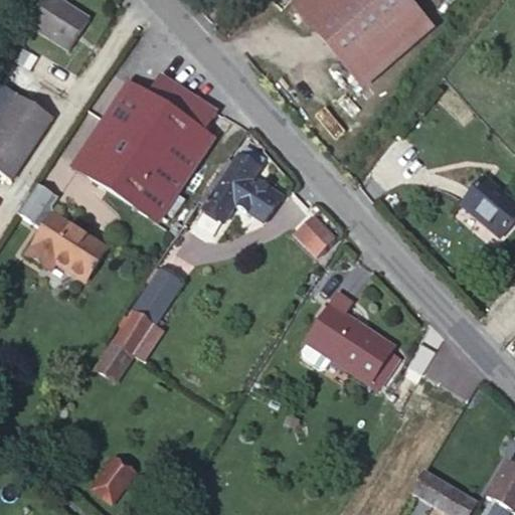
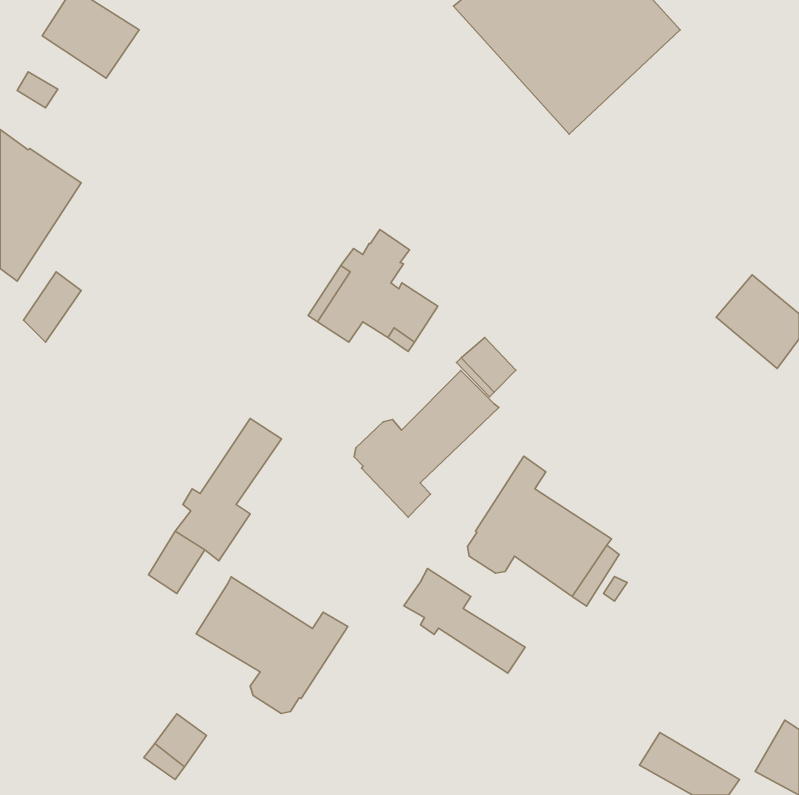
building: [70,67,219,221] -> none
building: [24,206,109,278] -> none
building: none -> [354,371,499,517]
building: none -> [404,569,525,673]
building: none -> [196,577,348,713]

